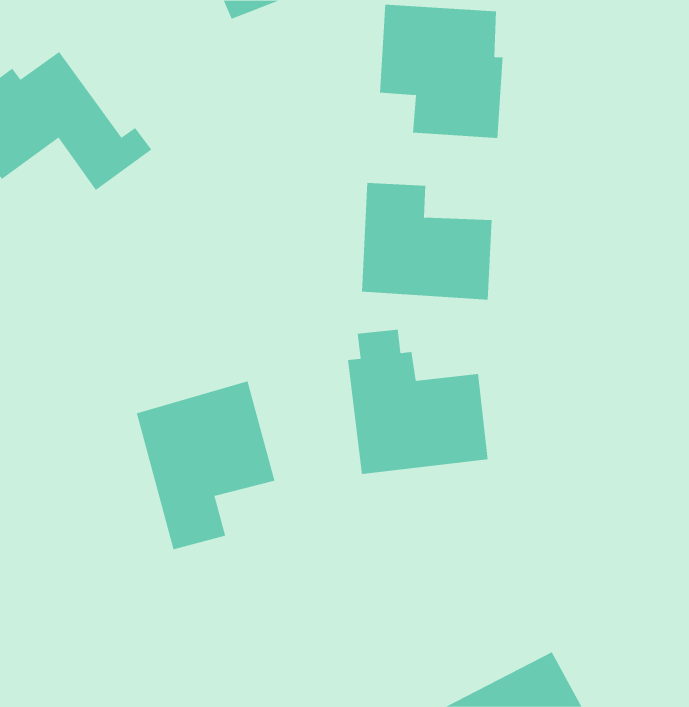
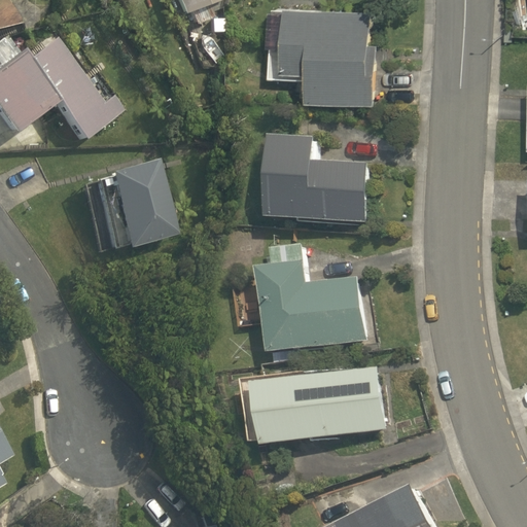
building: none -> [68,160,164,253]
building: [136,380,275,550] -> none
building: none -> [244,367,383,446]

